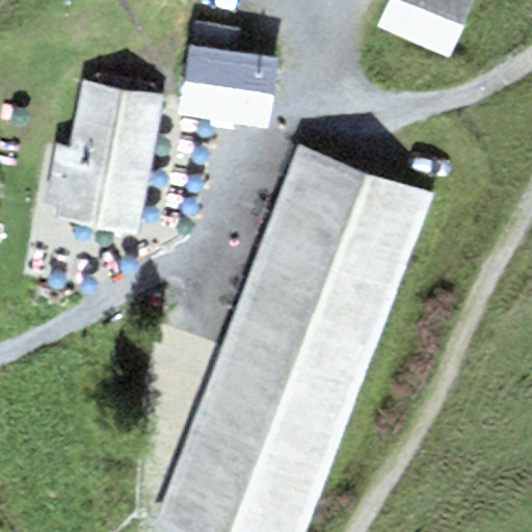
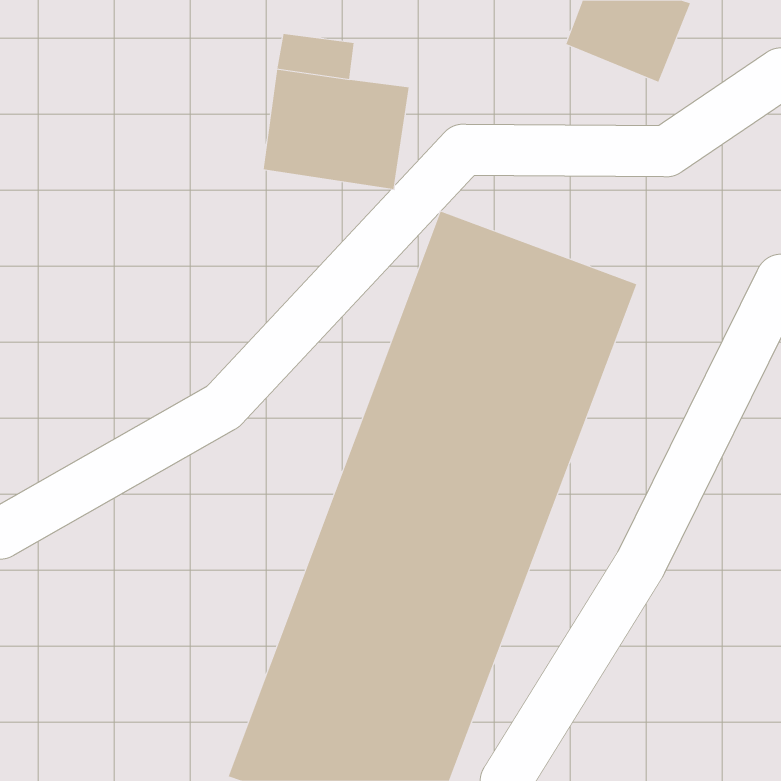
building: [45,80,162,235] -> none

